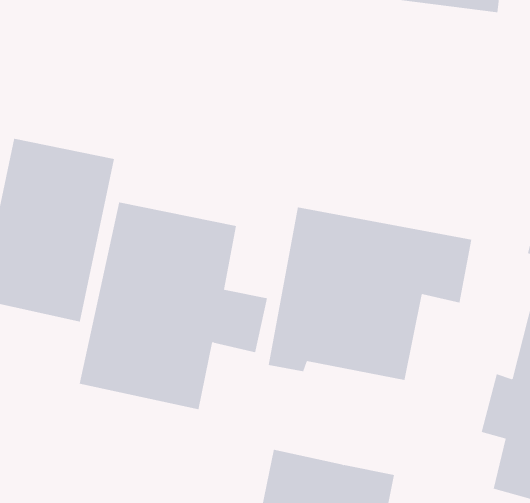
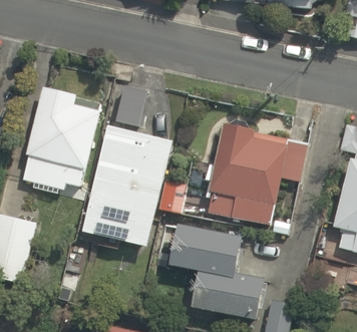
building: none -> [167,225,242,276]

